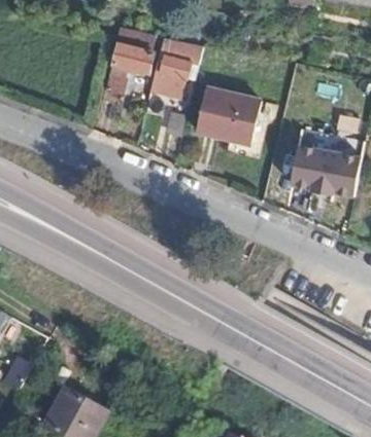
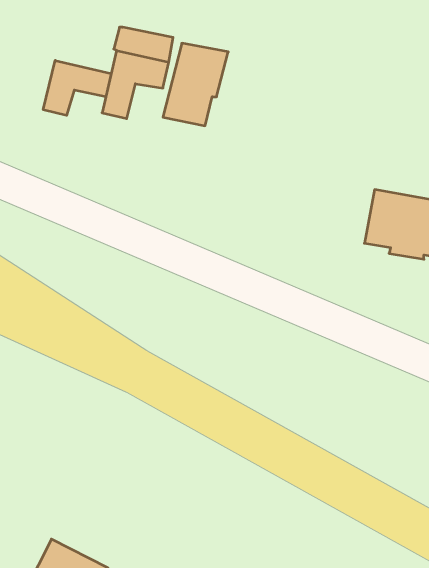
building: none -> [43,60,111,115]
building: [196,87,261,143] -> none

